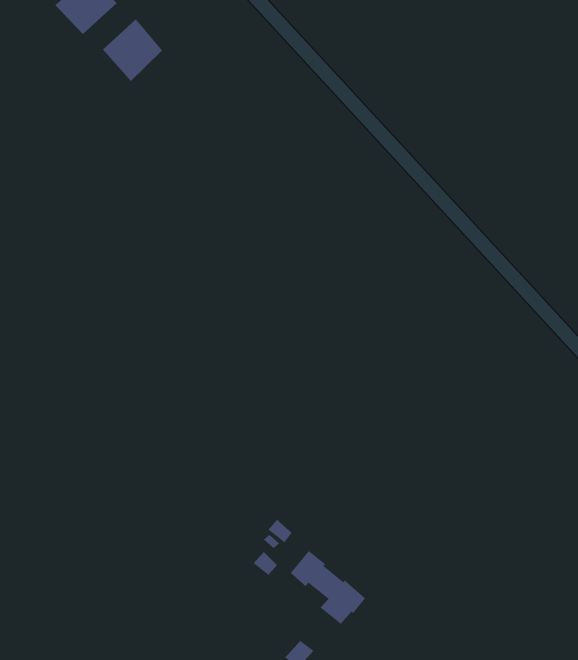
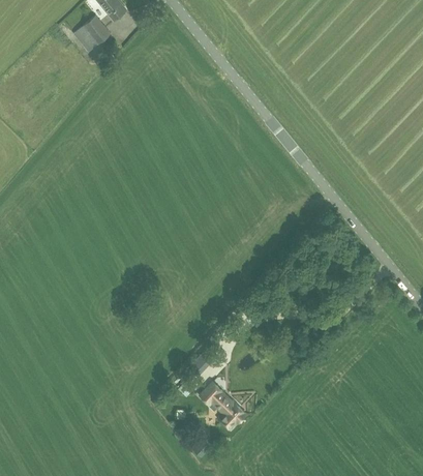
building: [102,19,163,82] -> none

